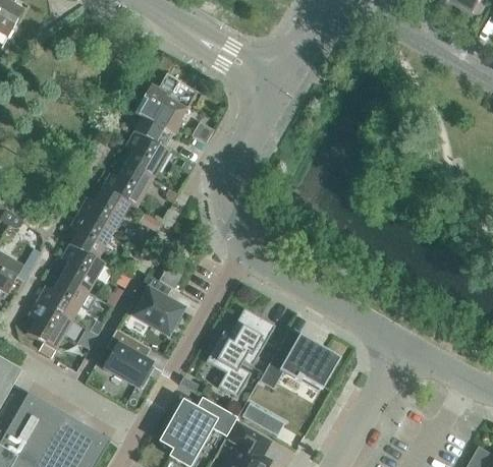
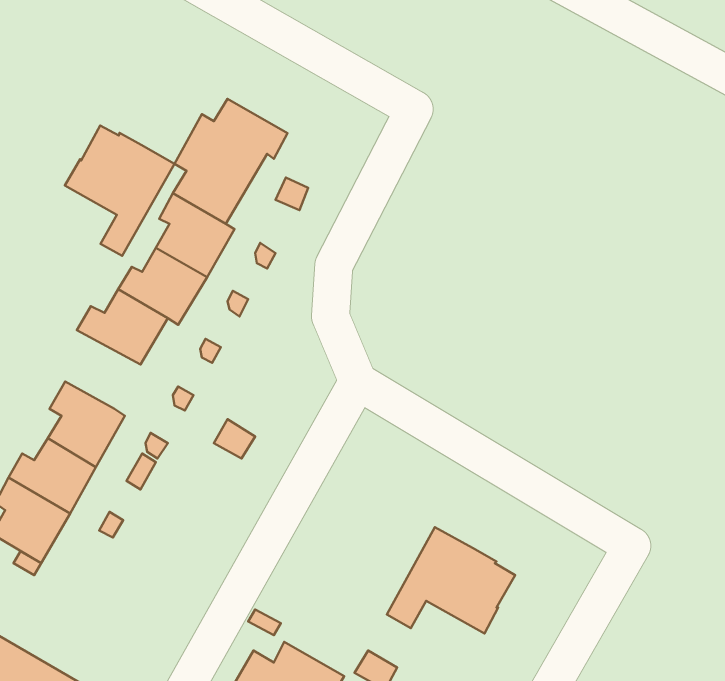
building: none -> [65,125,175,256]
building: [68,213,114,259] -> none
building: [130,280,178,339] -> none
building: [206,309,275,398] -> none
building: [104,329,151,388] -> none

